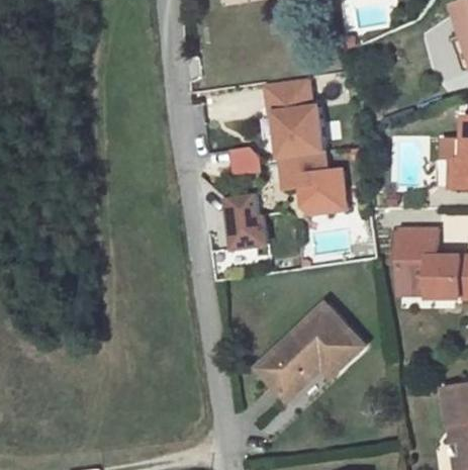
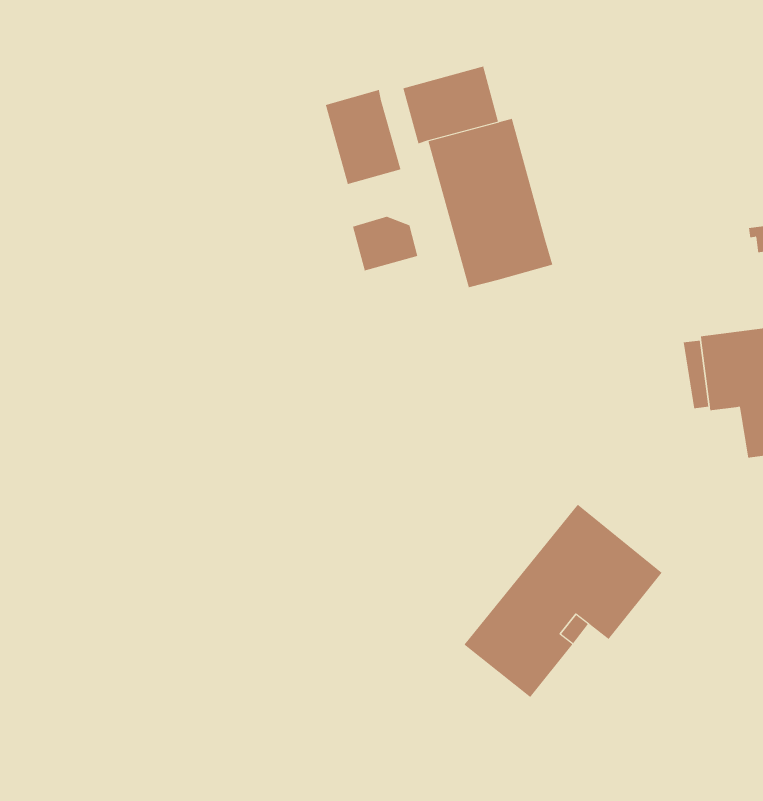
building: none -> [325,89,401,185]
building: [302,168,350,213] -> none
building: [223,194,265,251] -> none

